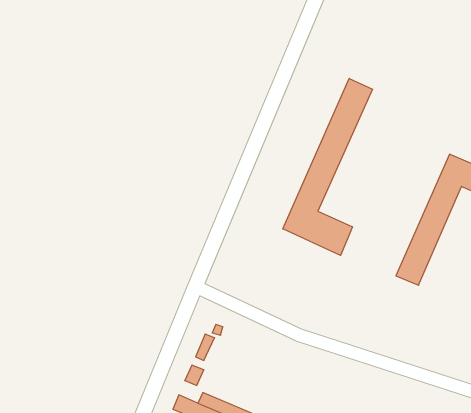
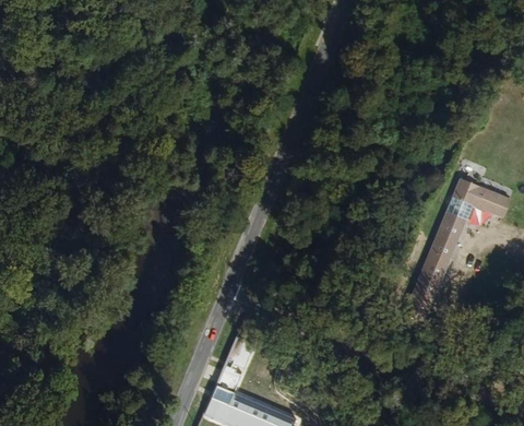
building: [283,78,373,255] -> none

